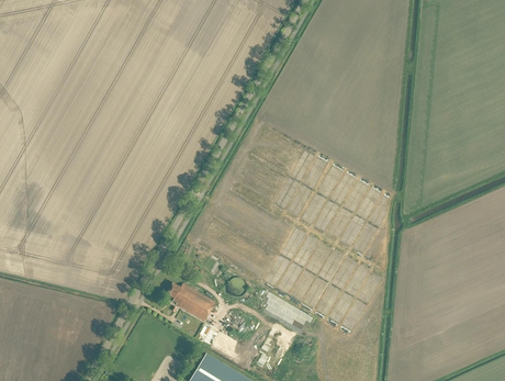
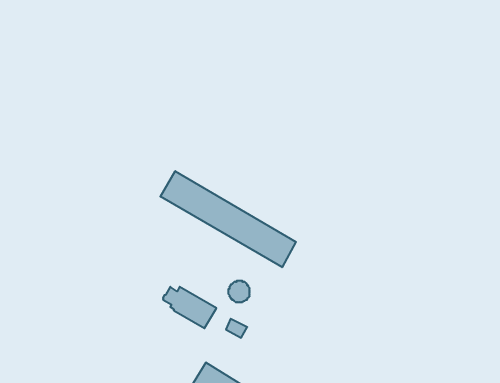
building: none -> [160,171,296,267]

